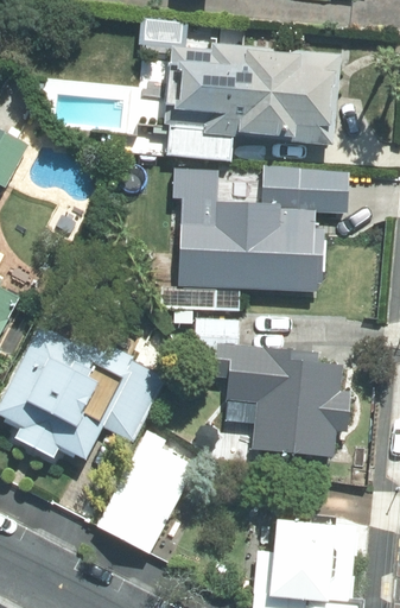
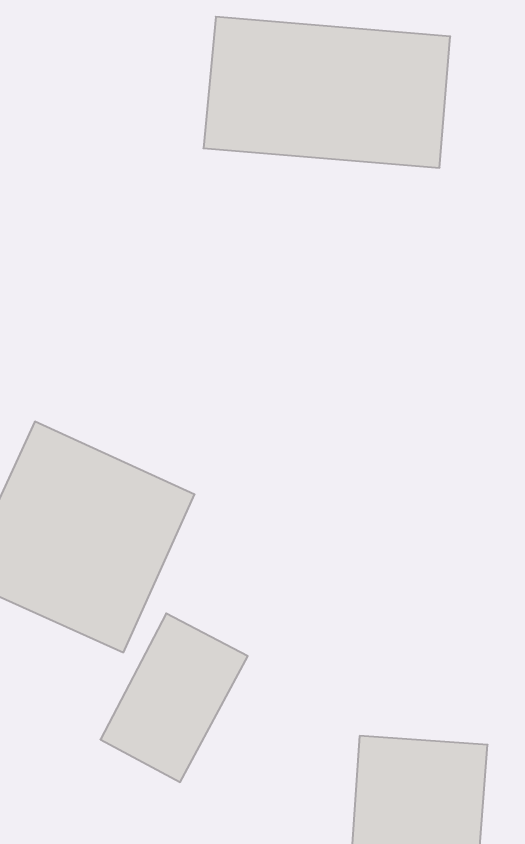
building: [172,186,318,278] -> none
building: [201,346,337,452] -> none

